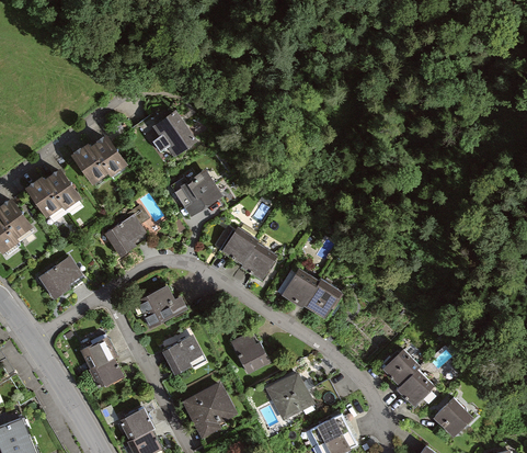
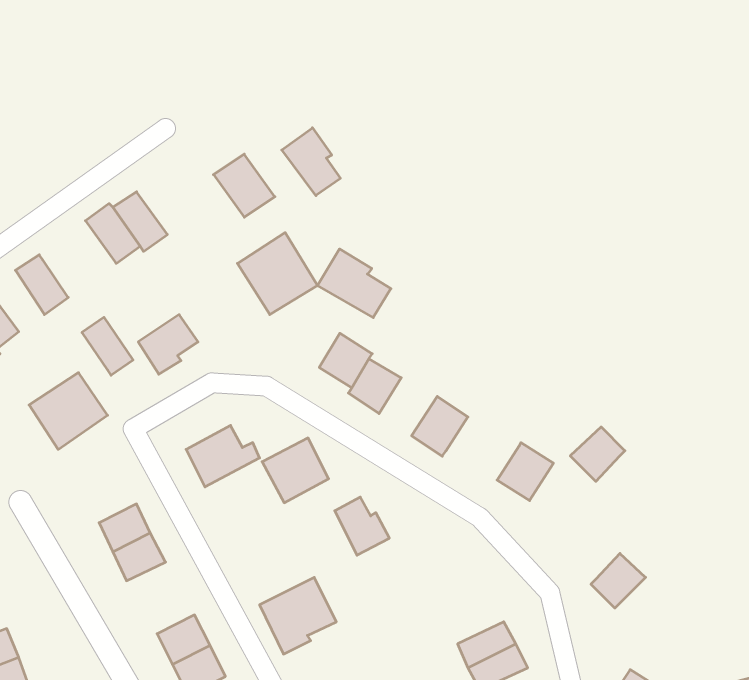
building: none -> [282,128,340,196]
building: [45,171,78,208] -> [82,317,133,375]
building: none -> [318,249,391,318]
building: [303,280,340,317] -> [497,443,553,501]
building: [160,332,203,374] -> [262,438,329,503]
building: [383,351,419,386] -> [570,427,625,481]
building: [268,375,311,418] -> none
building: [431,394,470,433] -> none

